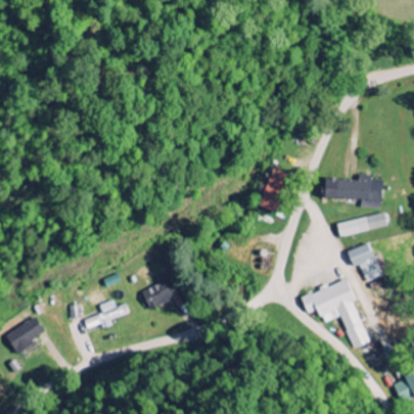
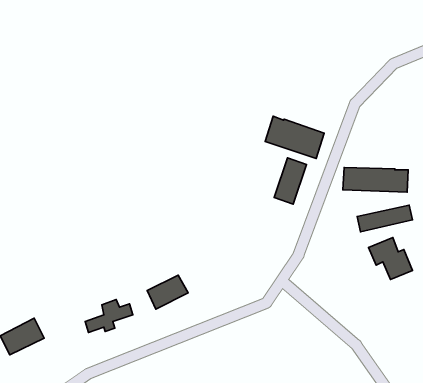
building: none -> [265,116,324,158]
building: [302,279,370,349] -> none

